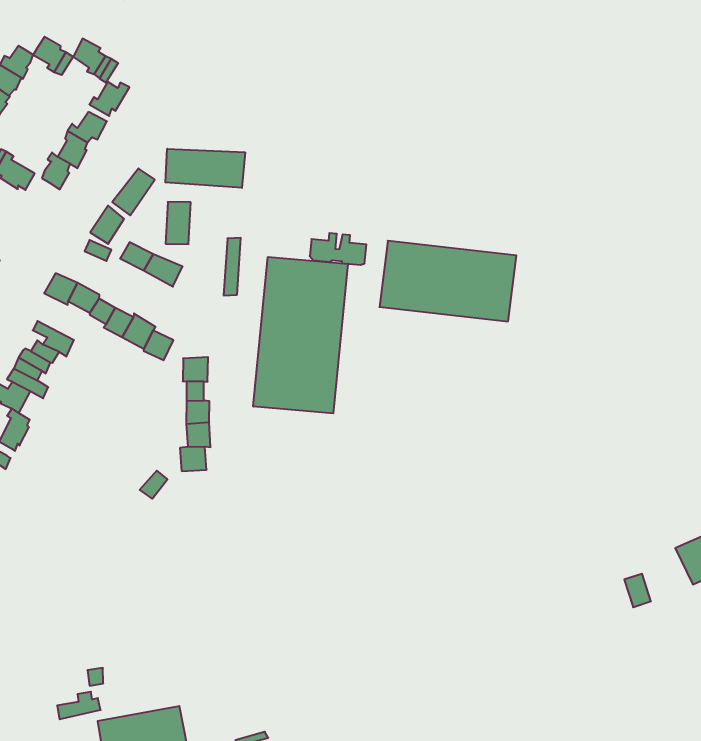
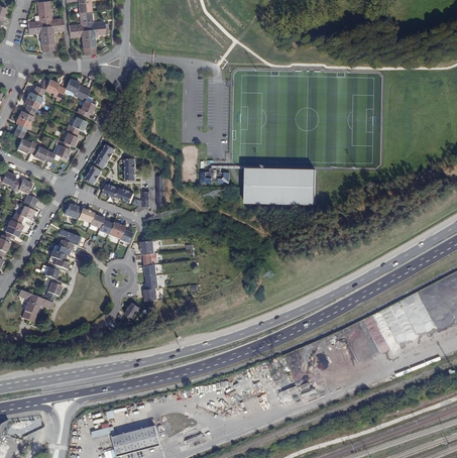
building: [165,149,245,188] -> none
building: [253,257,348,413] -> none

